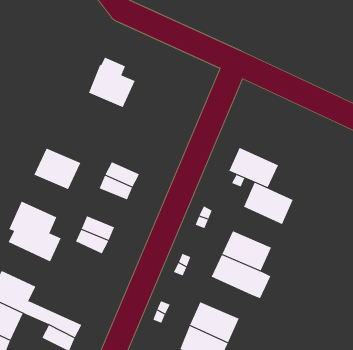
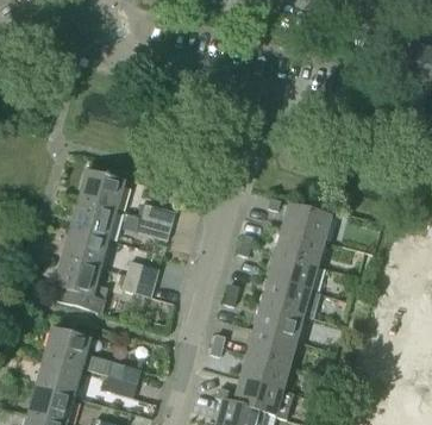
building: [88,57,136,108] -> [79,162,124,210]
building: [228,147,279,188] -> [275,229,324,264]
building: none -> [62,229,107,267]
building: none -> [253,302,302,339]

